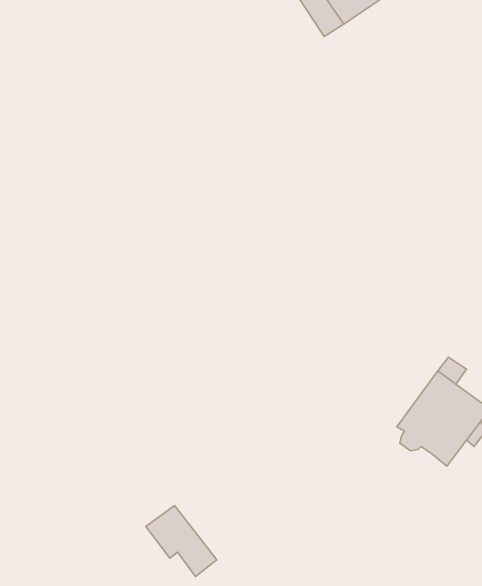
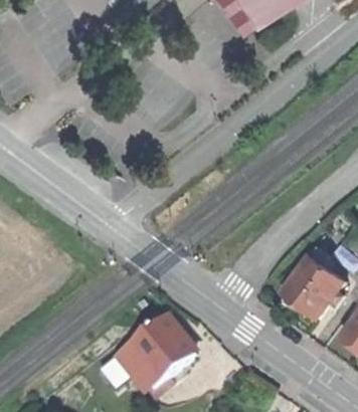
building: none -> [138,317,197,377]

